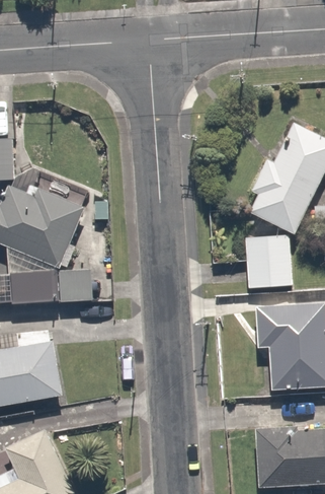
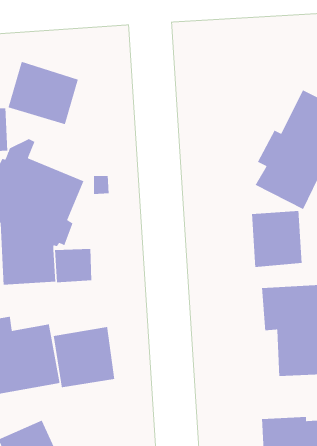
building: none -> [7,61,79,125]
building: none -> [53,326,115,388]

